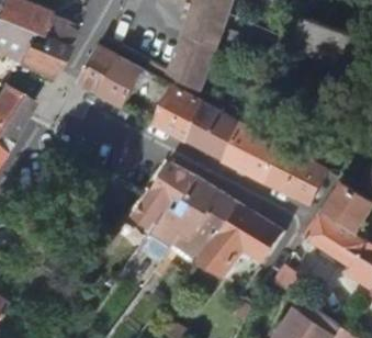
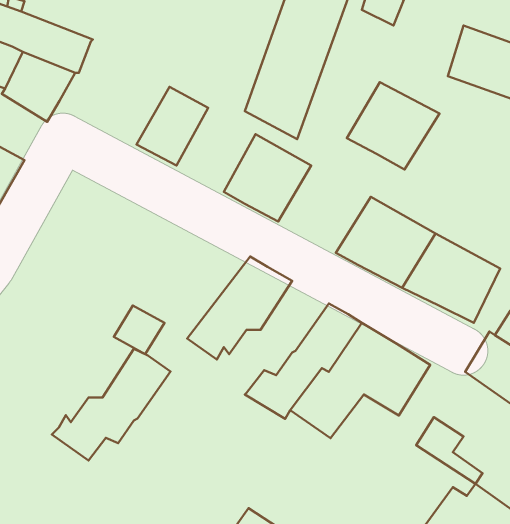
building: [78,43,121,92] -> none
building: [189,105,247,160] -> [347,82,439,170]
building: [146,178,221,248] -> [52,349,171,461]

